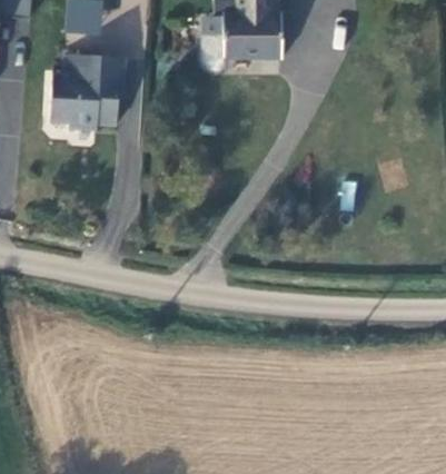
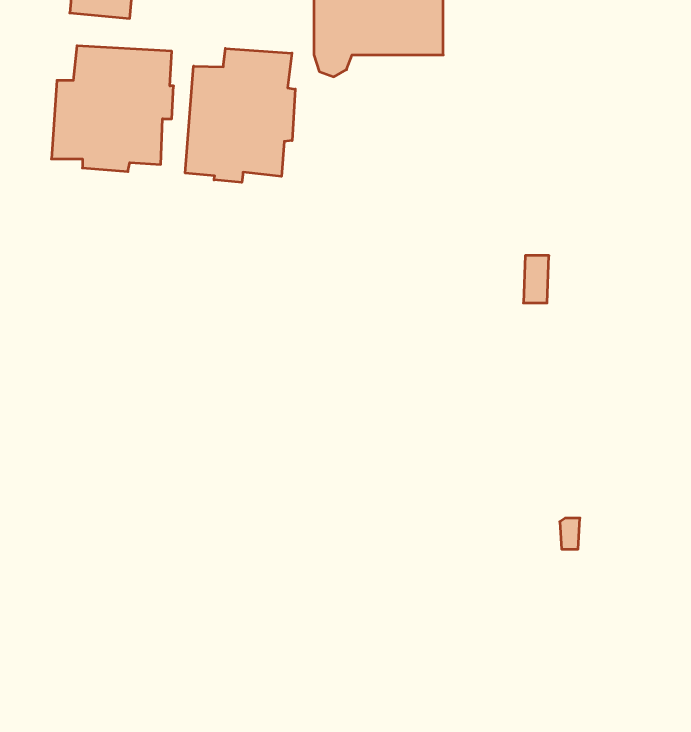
building: none -> [185,48,295,182]

